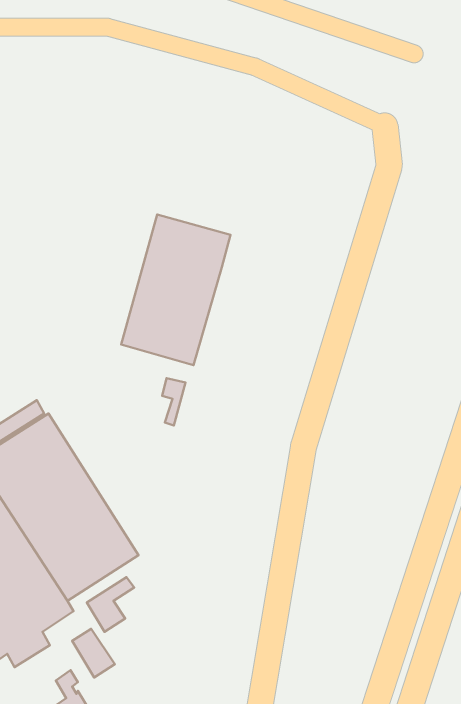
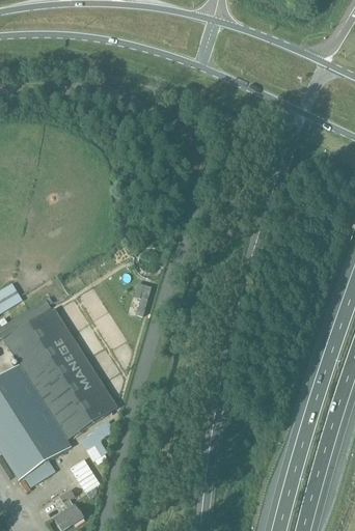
building: [121,215,231,365] -> none

